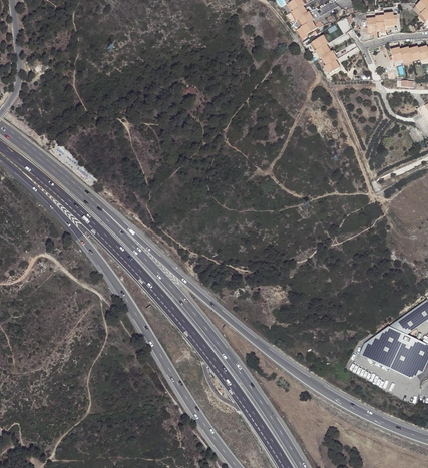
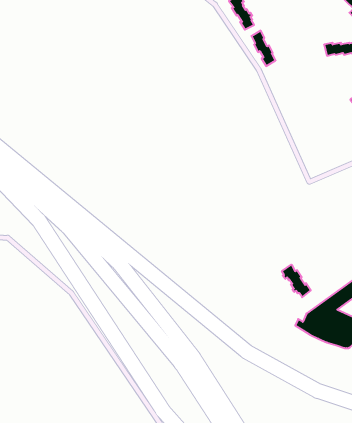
building: [366,14,397,33] -> none
building: none -> [282,265,311,297]

